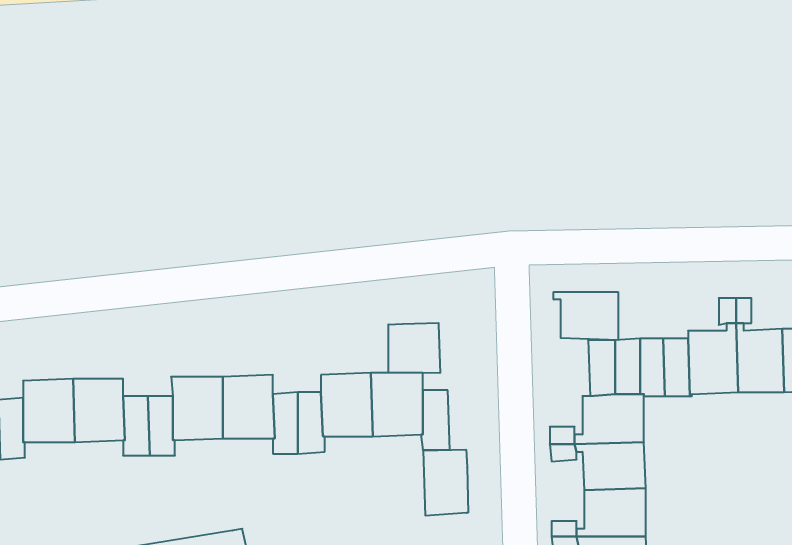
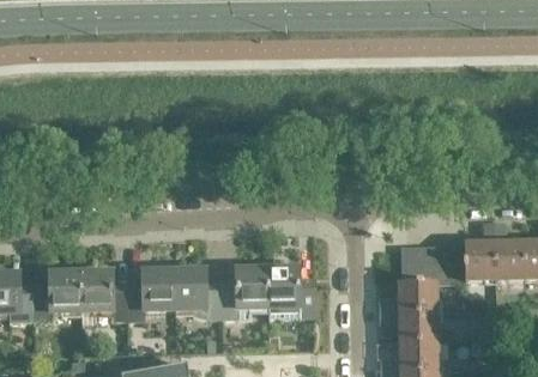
building: [554,292,618,340] -> none
building: [388,323,440,373] -> none
building: [423,450,468,516] -> none

